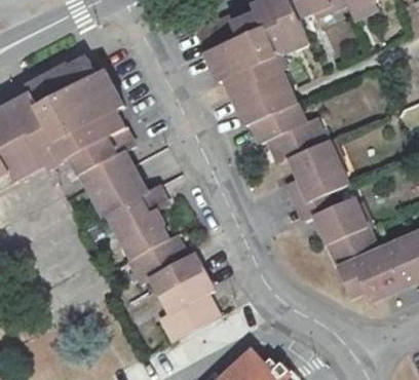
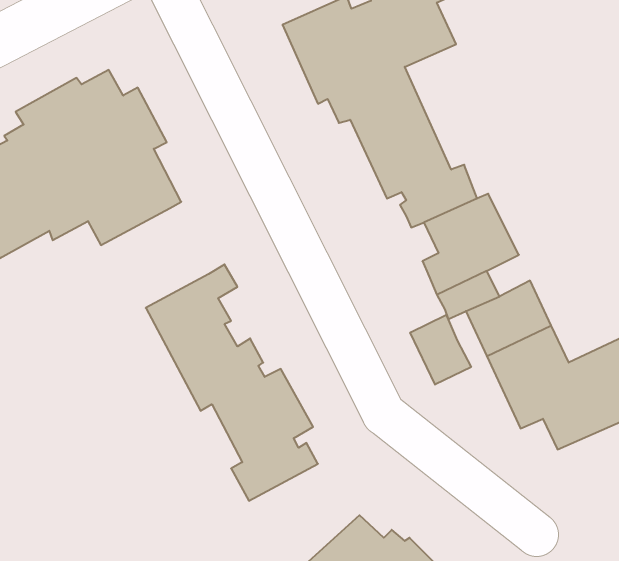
building: [80,150,149,217] -> none
building: none -> [410,315,471,385]

